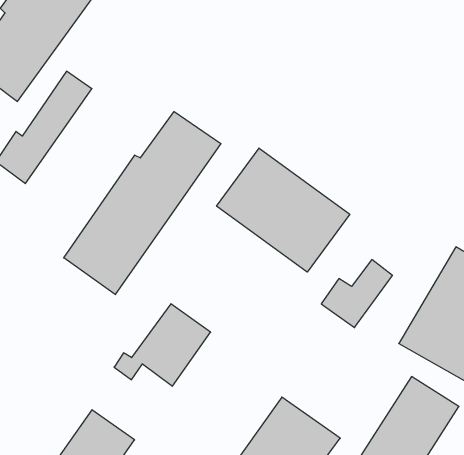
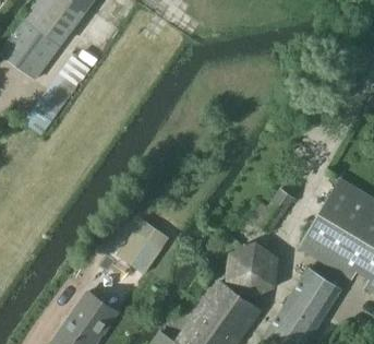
building: [64,112,221,295] -> none
building: [217,148,350,272] -> none
building: none -> [228,242,278,297]

